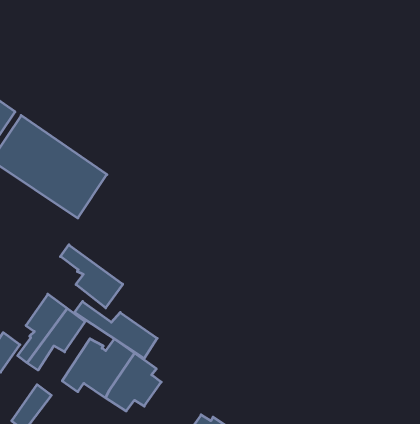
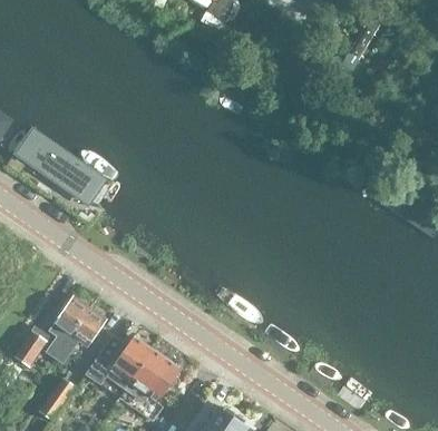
building: [60,245,123,308] -> none
building: [74,301,157,358] -> none

